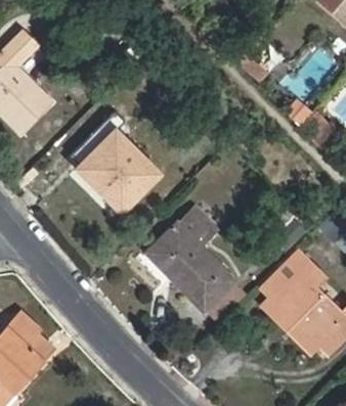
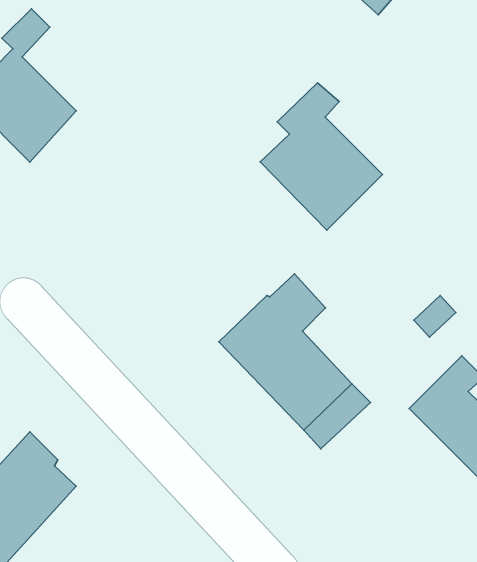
building: [77,114,158,211] -> [260,83,383,230]

